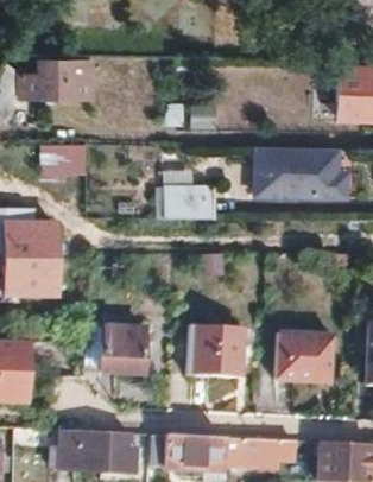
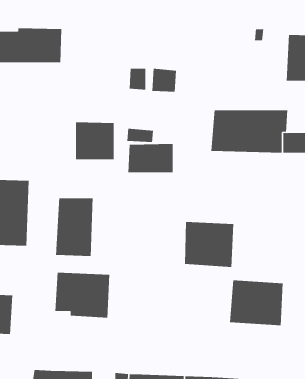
building: [44,140,87,182] -> [75,122,115,160]
building: none -> [56,197,93,257]
building: [189,329,244,379] -> [184,222,234,267]

